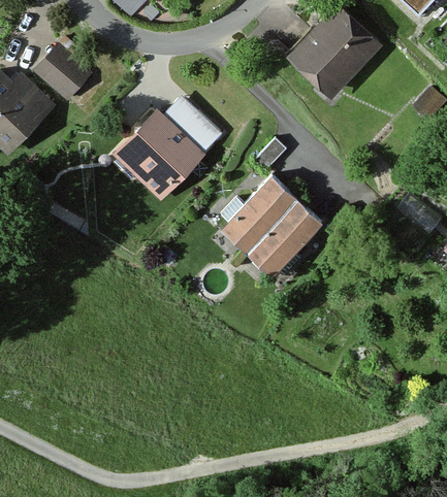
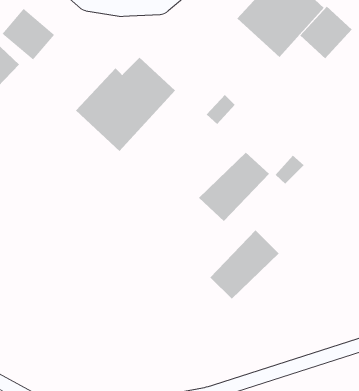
building: none -> [300,6,353,59]
building: [222,173,297,248] -> [210,230,280,300]

